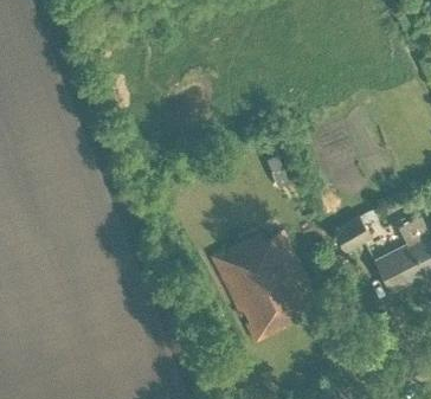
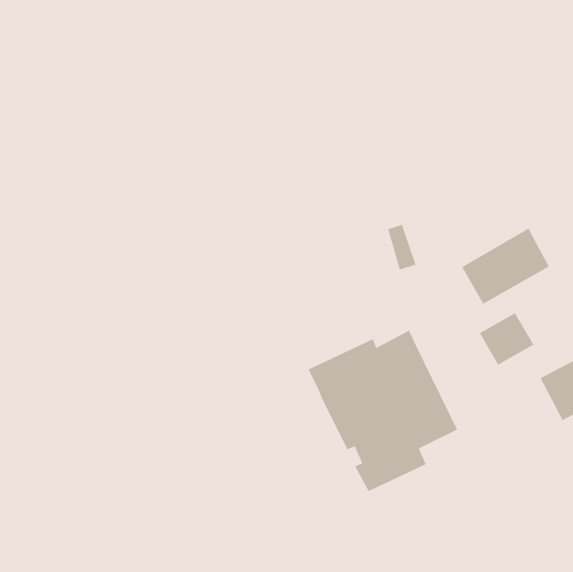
building: none -> [461,227,550,305]

